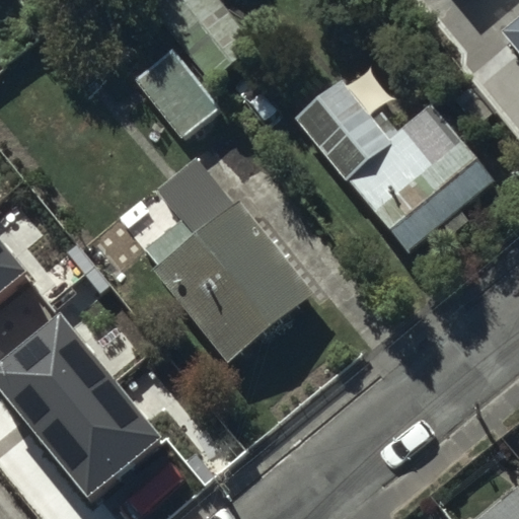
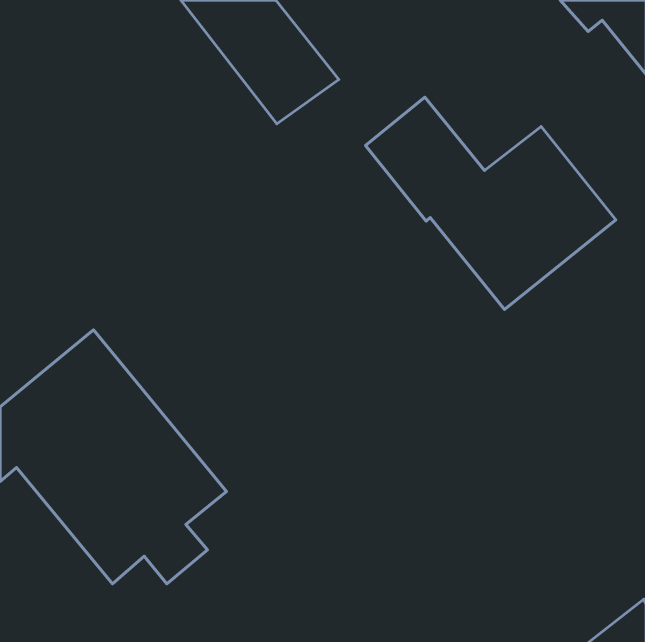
building: [144,158,312,363] -> none

